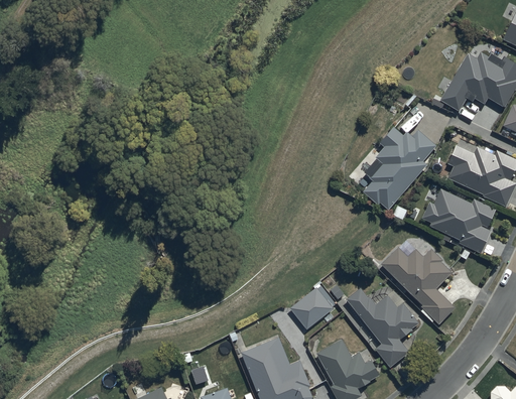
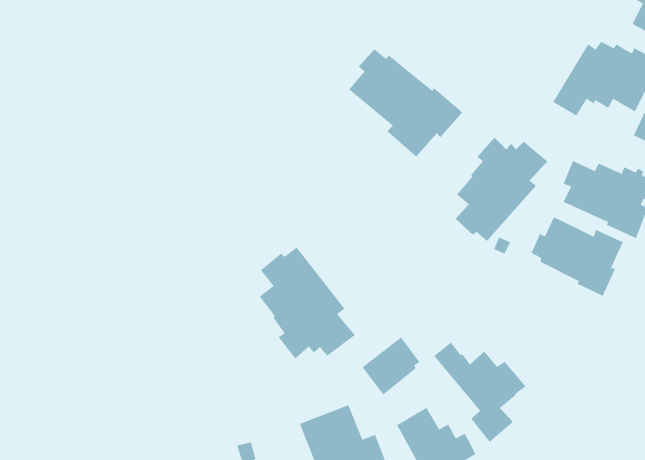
building: none -> [348,48,463,158]
building: none -> [259,247,356,360]
building: [380,247,455,324] -> none

